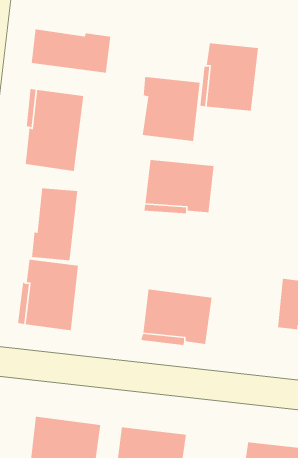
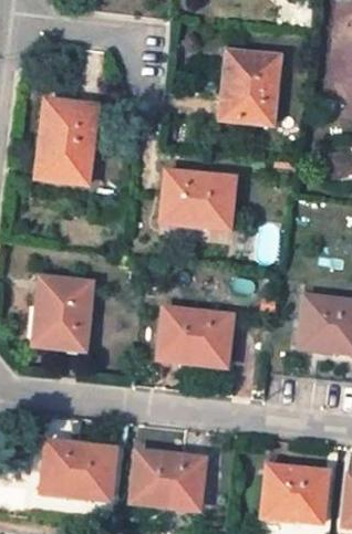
building: [31,28,111,74] -> none
building: [142,76,201,142] -> none
building: [31,188,78,261] -> none

